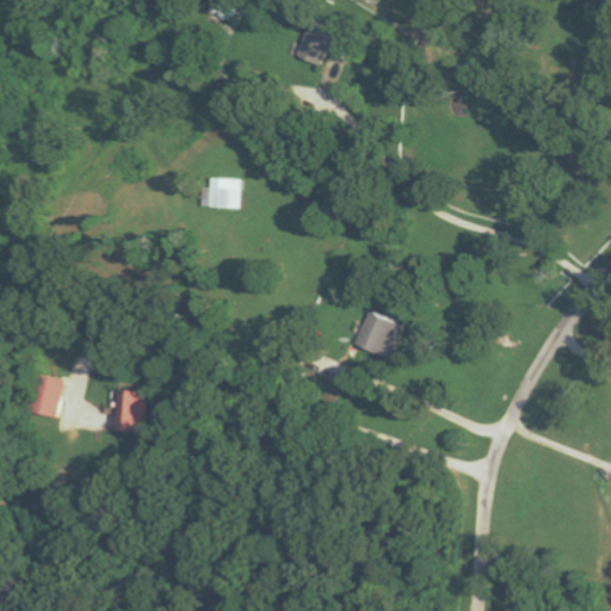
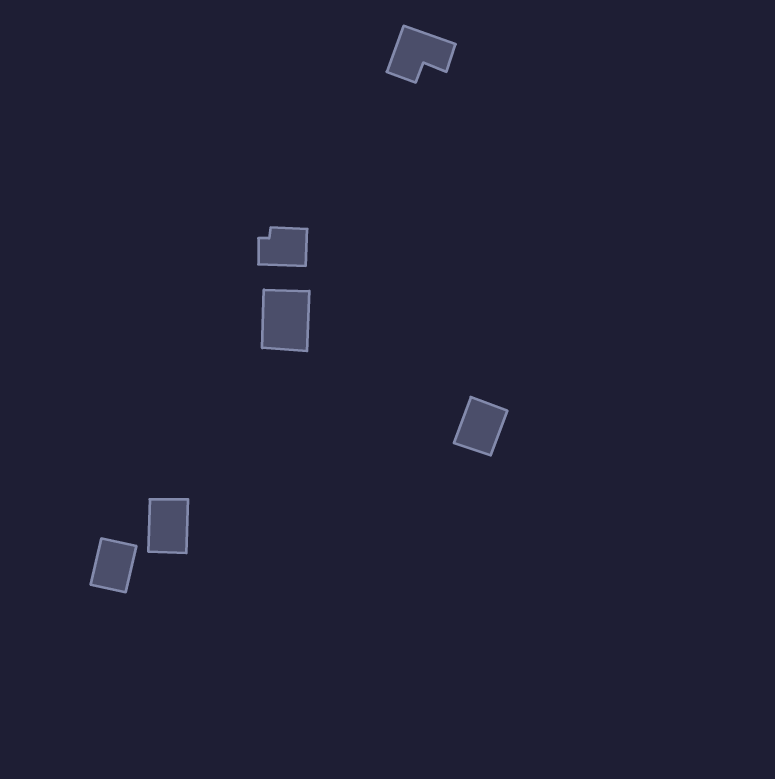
building: none -> [262,290,309,351]
building: [26,375,62,416] -> [91,539,136,592]

